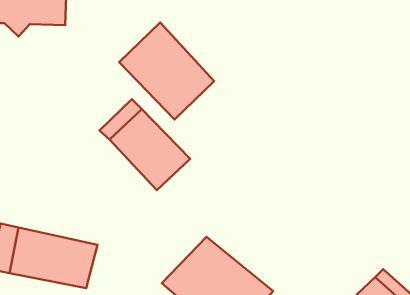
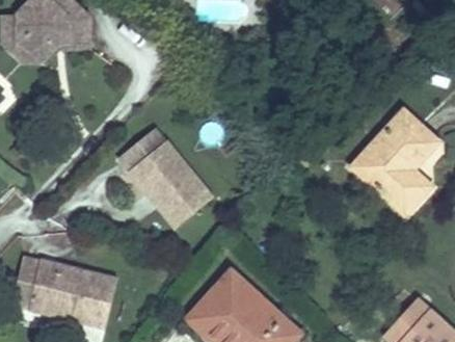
building: [119,22,214,120] -> none
building: none -> [350,107,435,213]

